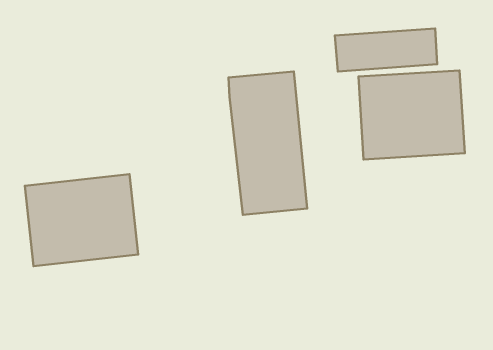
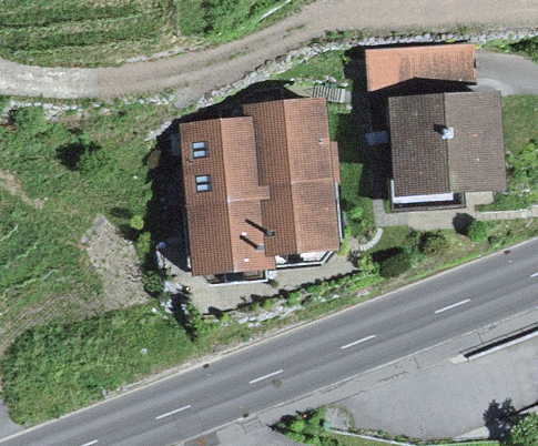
building: none -> [180,128,267,276]
building: [25,174,138,266] -> none

